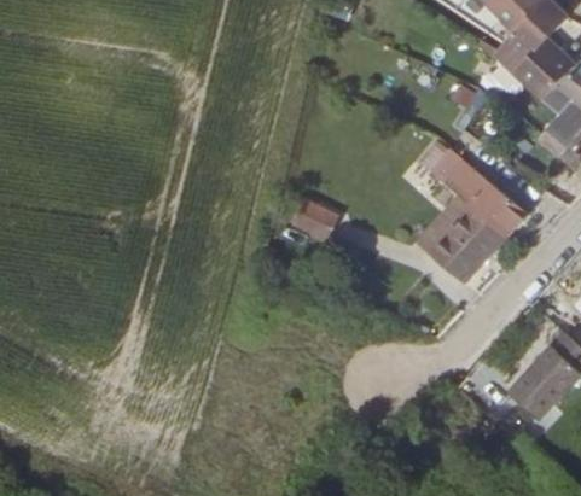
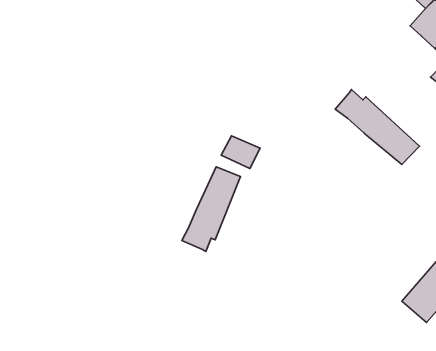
building: [425,197,506,282] -> none
building: none -> [182,167,240,252]

